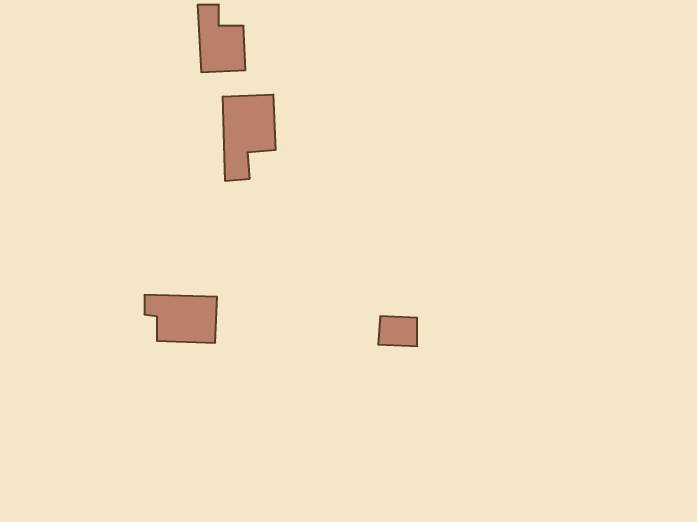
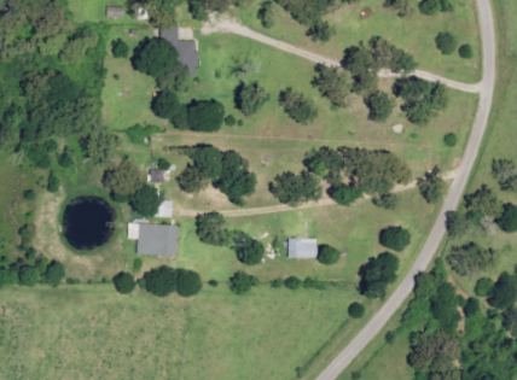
building: [223,94,276,181] -> none

